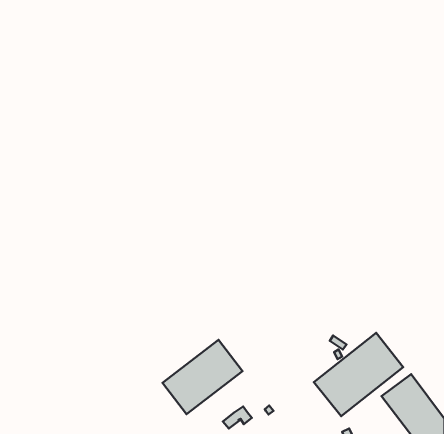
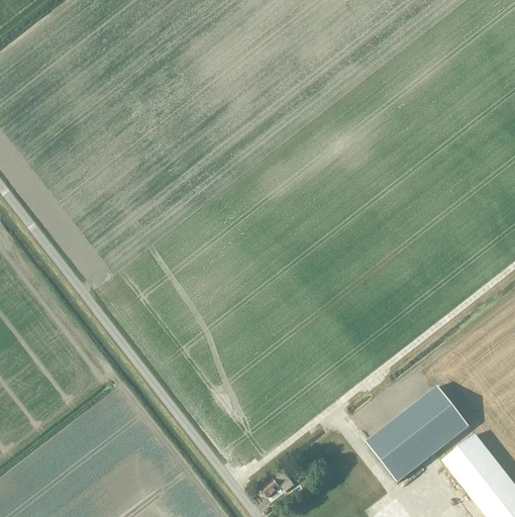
building: [163,340,242,414] -> none

